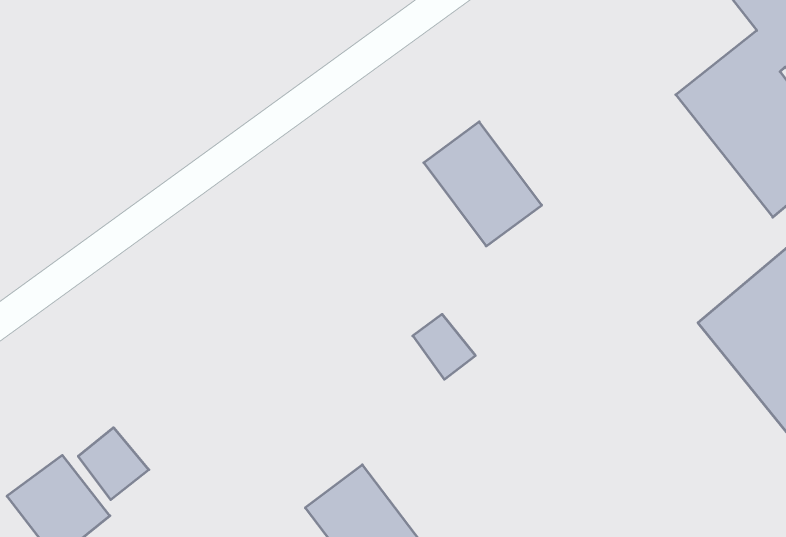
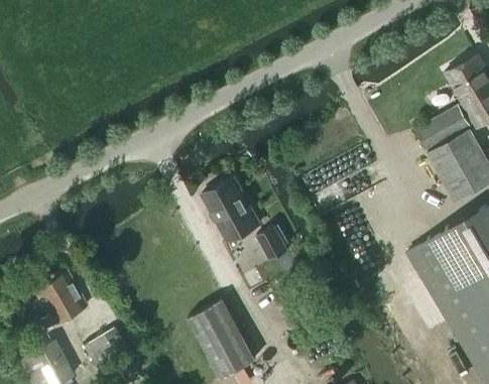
building: [424,122,542,246] -> [203,178,261,244]
building: [78,428,149,500] -> none

